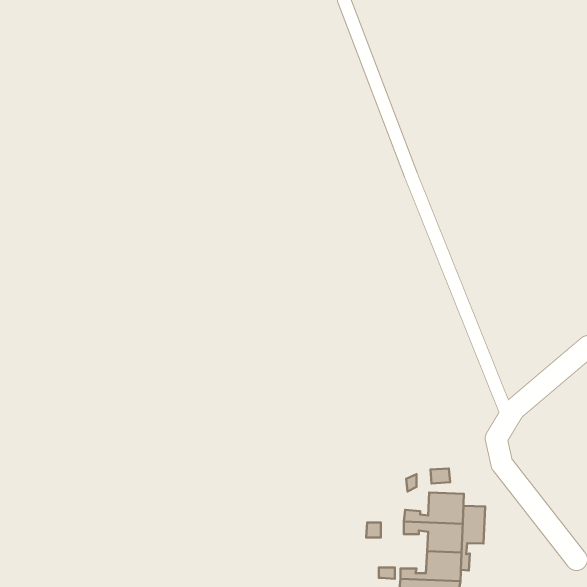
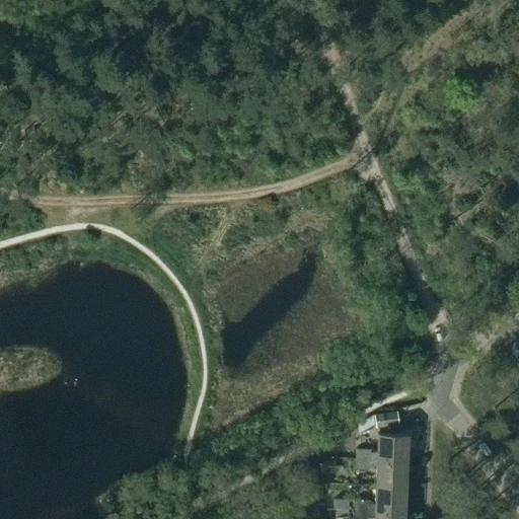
building: [461,506,485,571] -> none

